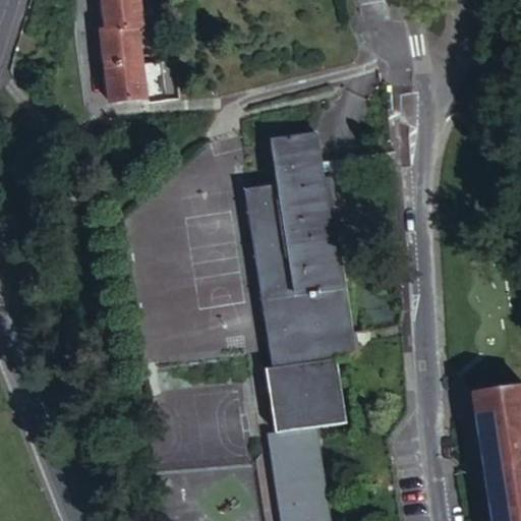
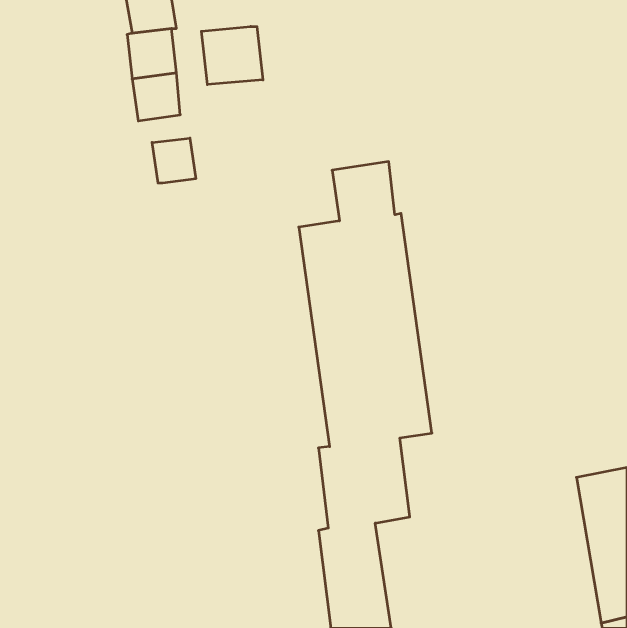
building: none -> [201,26,263,85]
building: none -> [152,138,196,183]

